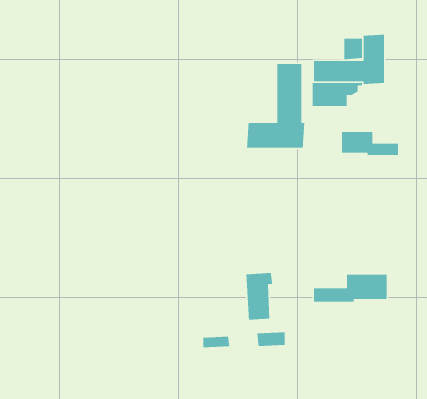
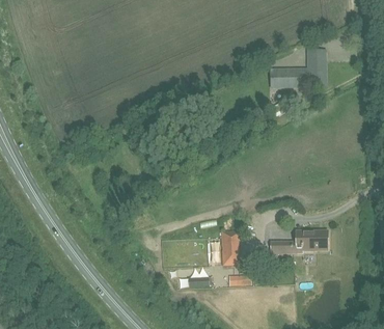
building: [246,63,305,148] -> none
building: [341,131,399,156] -> none

